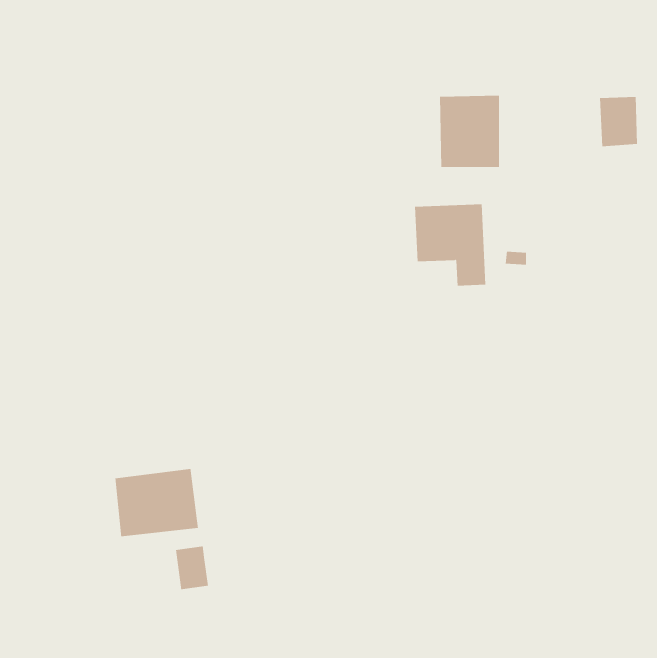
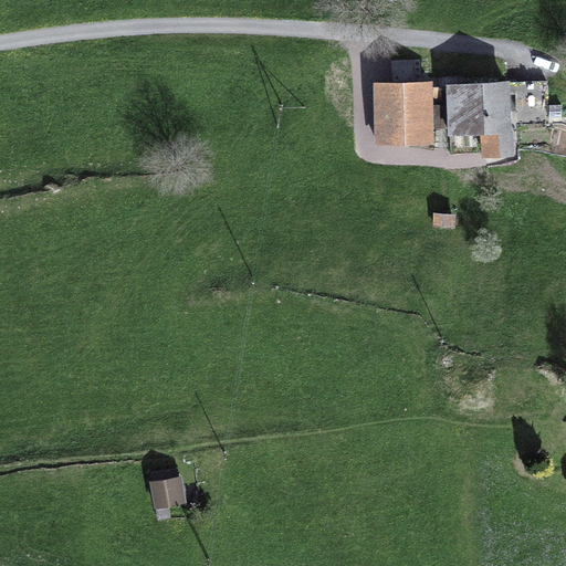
building: [414,204,486,286] -> [447,83,509,154]
building: [115,468,199,537] -> none

